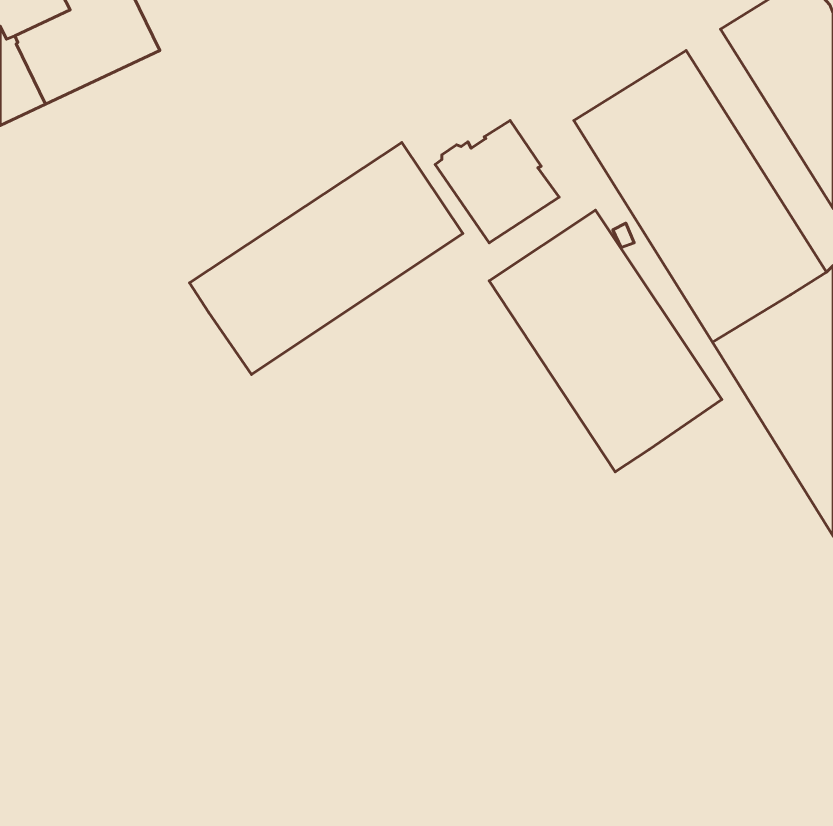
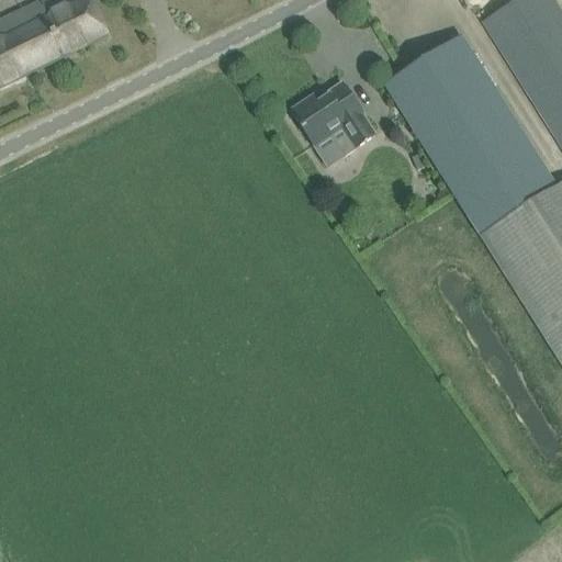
building: [189,143,463,374] -> none
building: [489,210,722,472] -> none

